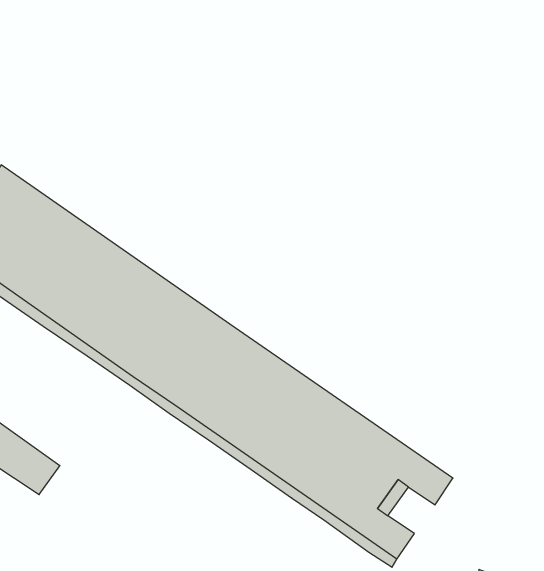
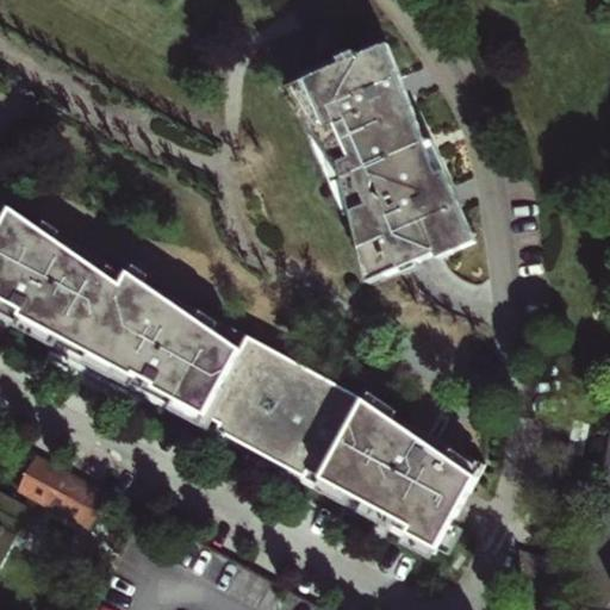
building: none -> [290,36,472,274]

